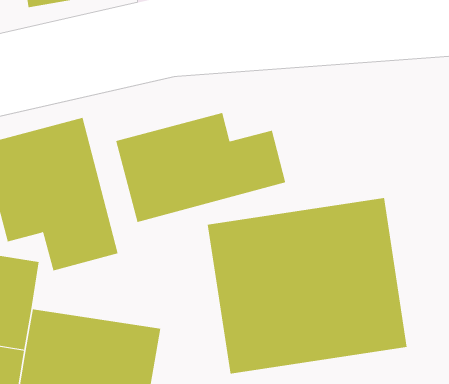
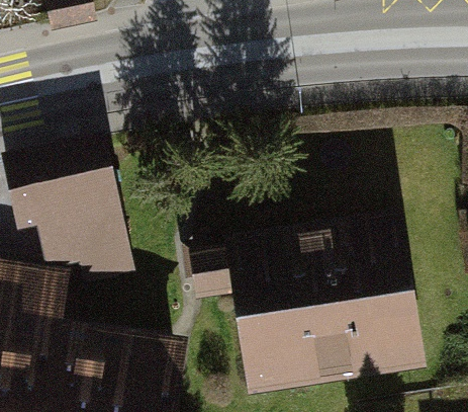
building: [115,112,286,223] -> none

